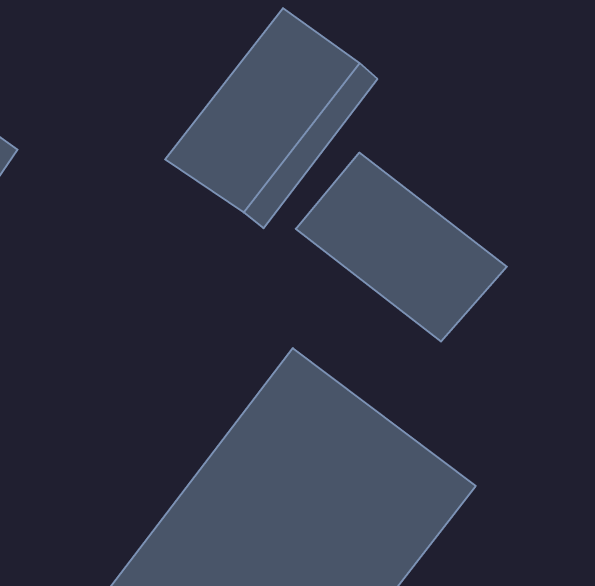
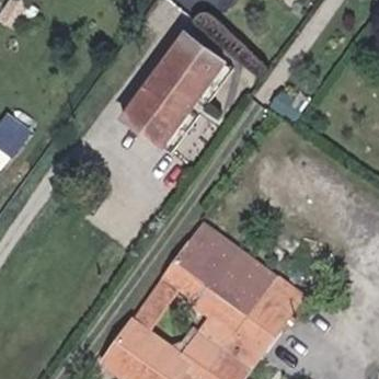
building: [296,153,507,342] -> none

